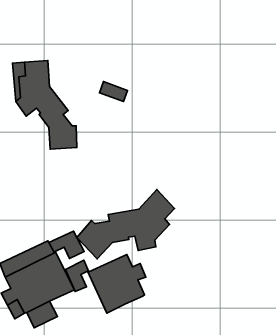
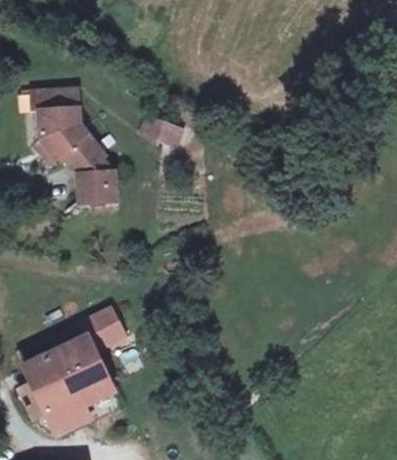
building: [77,190,174,259] -> none
building: [65,255,146,313] -> none

